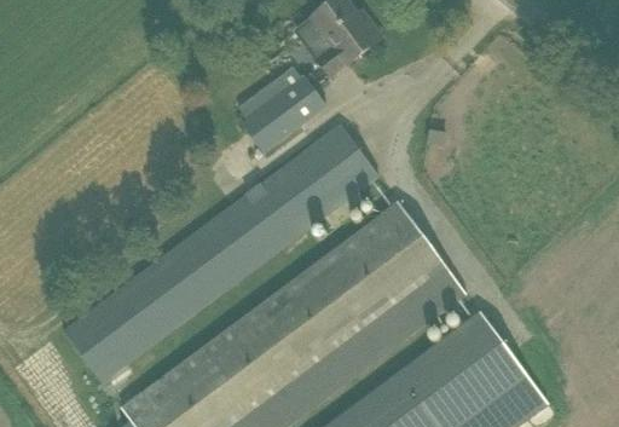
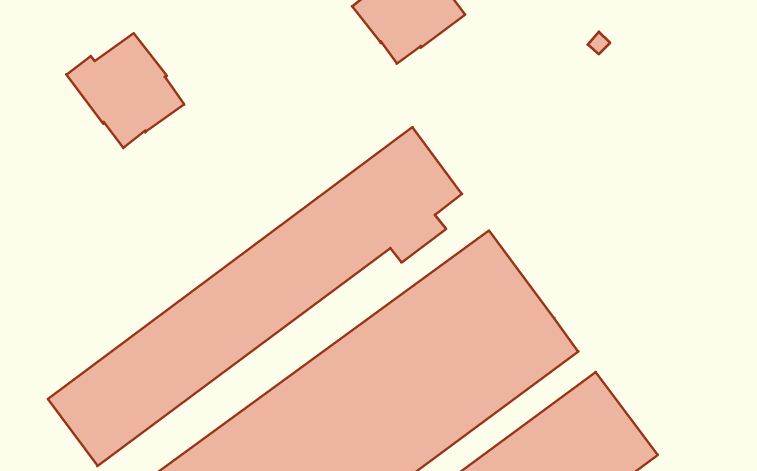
building: none -> [66,33,184,148]
building: [239,76,325,152] -> none

